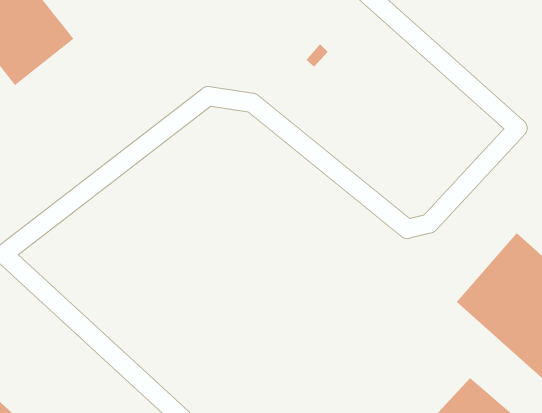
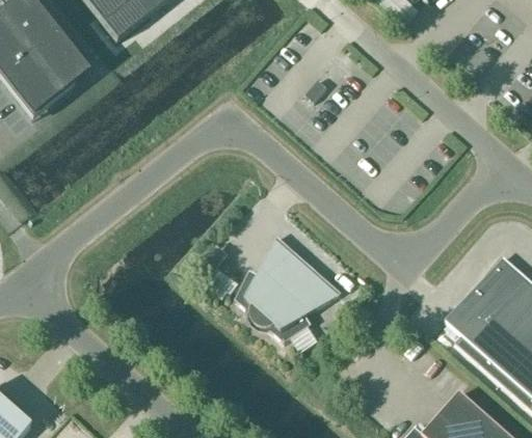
building: none -> [236,237,340,340]

